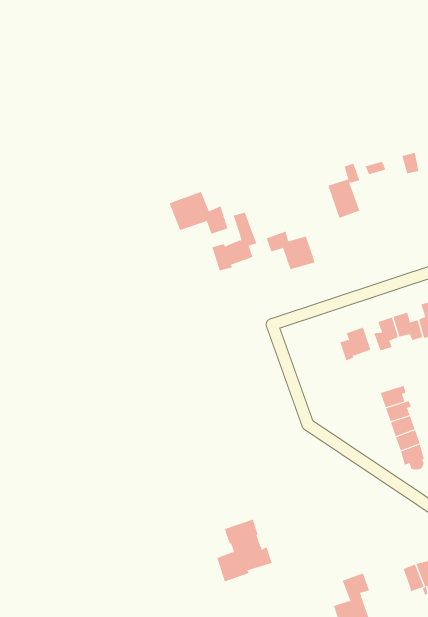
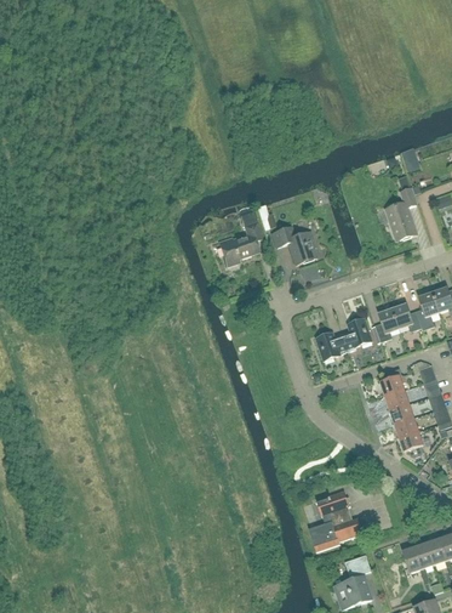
building: [327,163,360,219] -> [385,187,417,240]
building: [169,191,228,235] -> none
building: none -> [316,333,348,359]
building: [217,519,272,582] -> [309,490,362,551]

